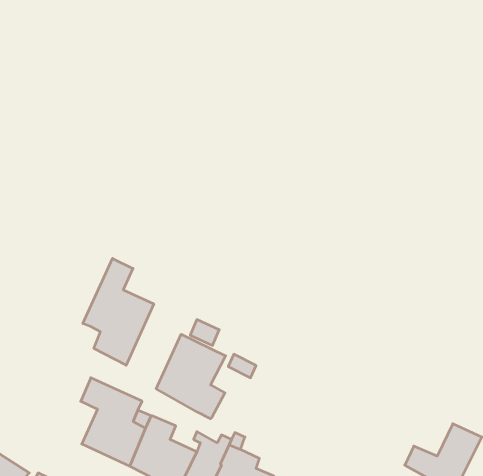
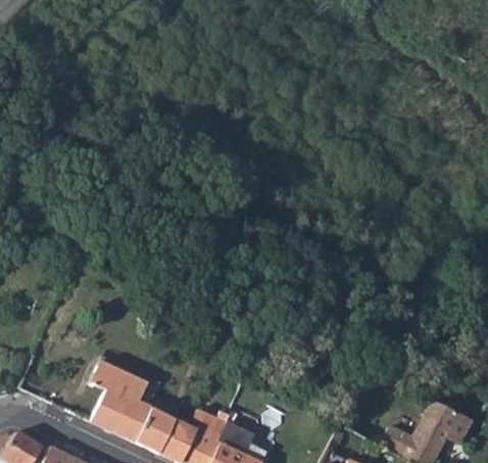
building: [83,258,154,365] -> none
building: [156,334,226,419] -> none

